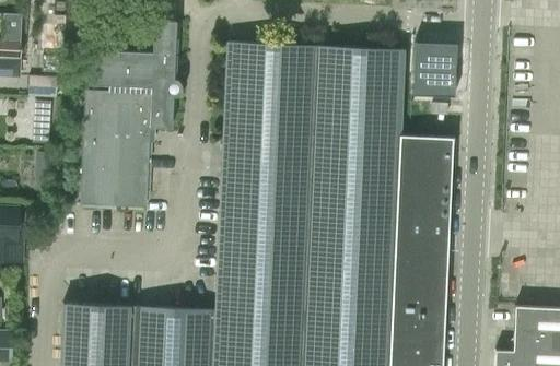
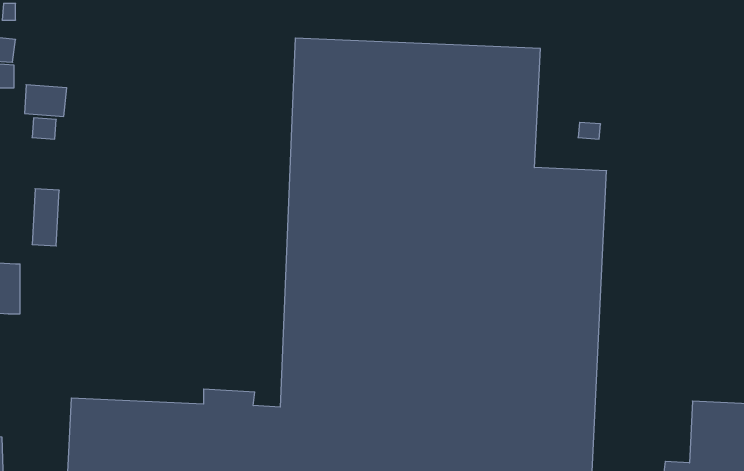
building: [81,21,182,206] -> none
building: [413,43,457,96] -> none

